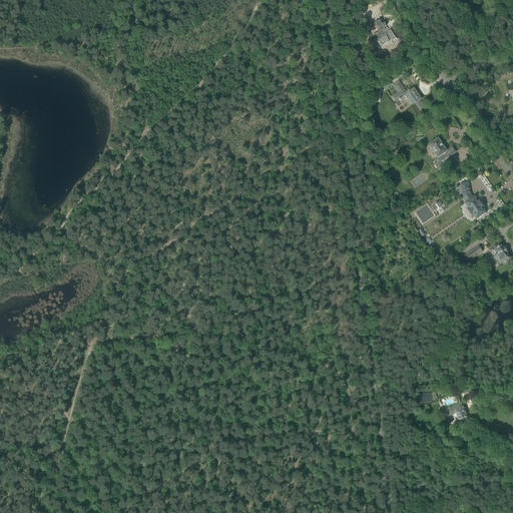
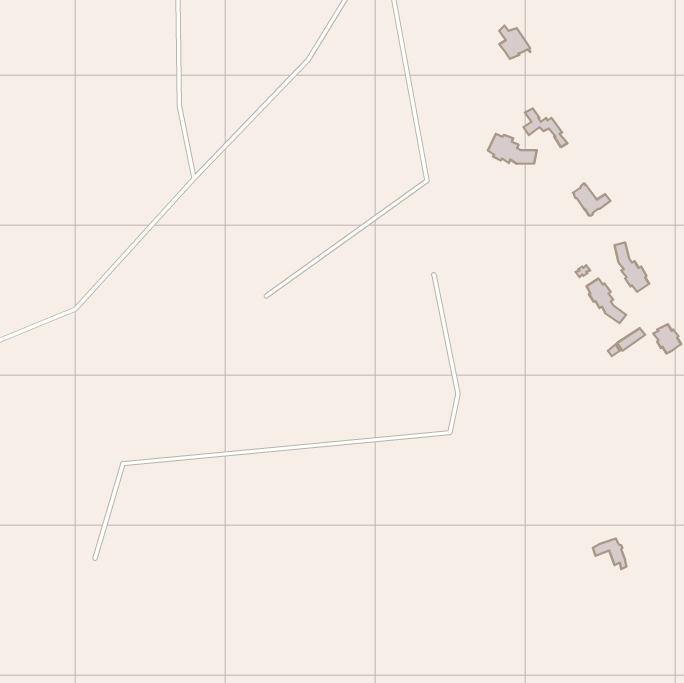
building: none -> [488,134,537,164]
building: none -> [587,278,626,323]

